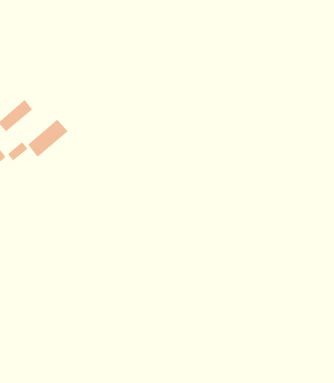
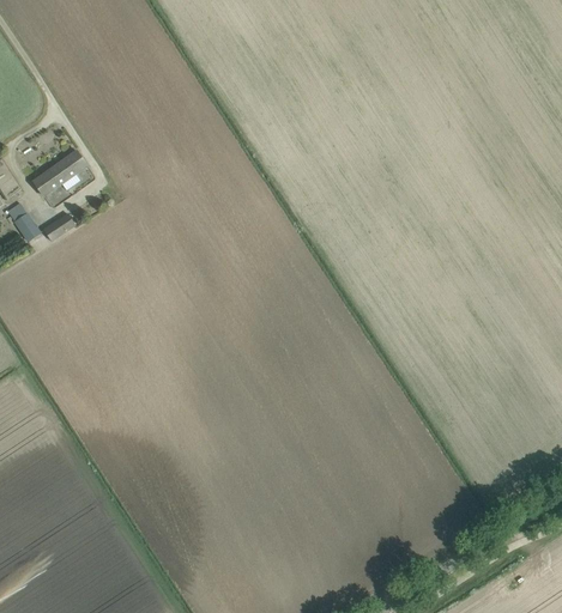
building: [27,119,69,158] -> none

